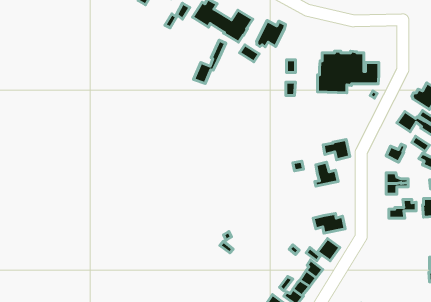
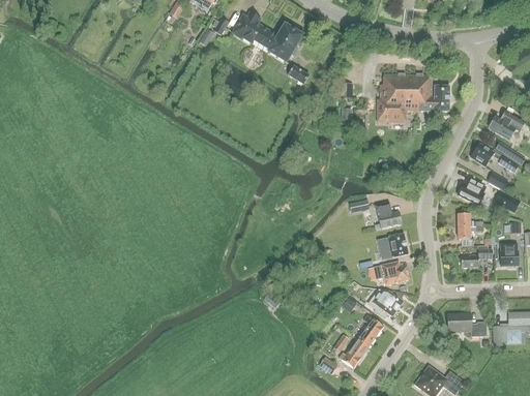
building: [257,20,286,47] -> none
building: [194,40,226,83] -> none
building: [323,139,350,160] -> [377,233,408,256]
building: none -> [447,312,487,335]

